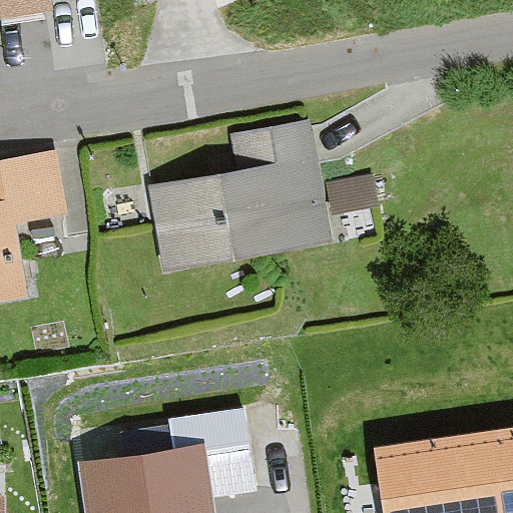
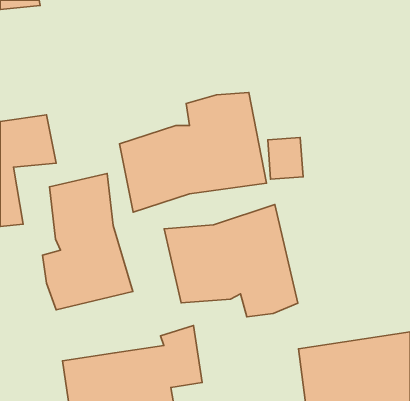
building: none -> [42,173,133,310]
building: none -> [164,205,298,317]

